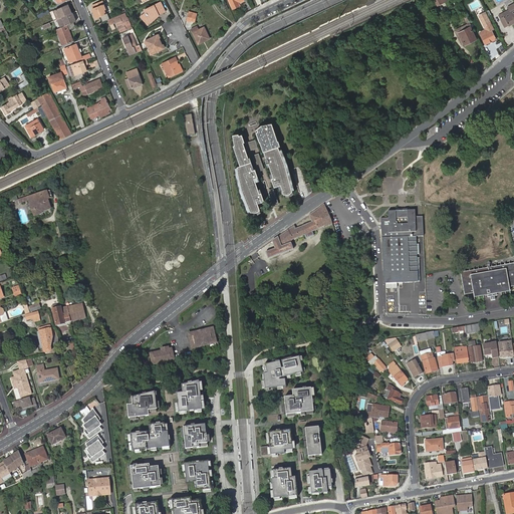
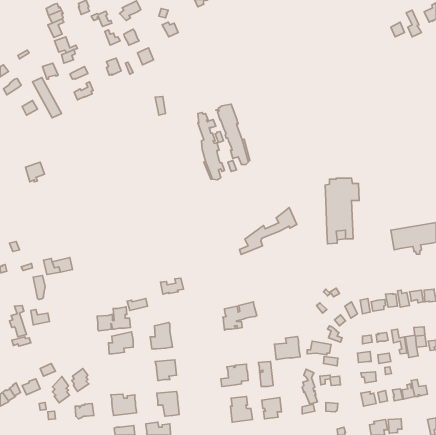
building: [266,203,333,258] -> [240,208,297,254]
building: [283,387,313,414] -> [275,336,300,359]
building: [81,407,101,438] -> [52,377,69,403]
building: [131,422,170,450] -> [97,307,130,331]

